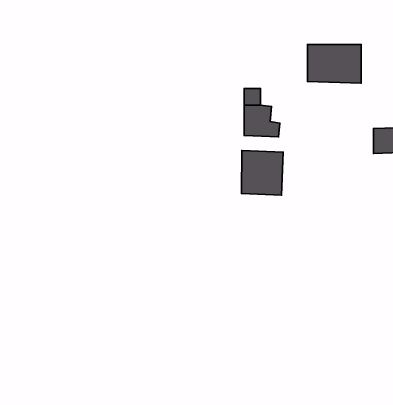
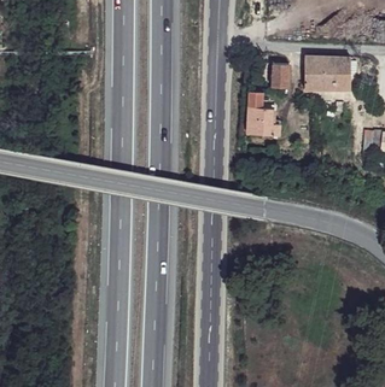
building: none -> [267,64,291,94]
building: [242,151,283,195] -> none

